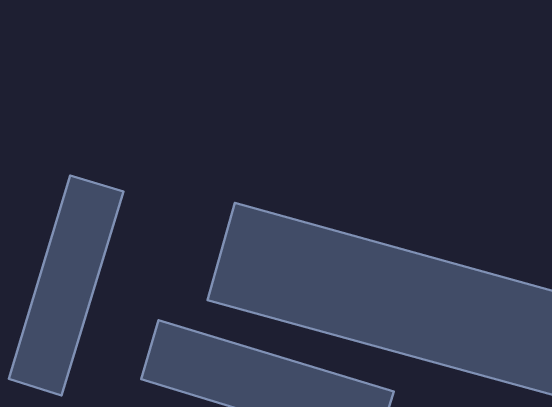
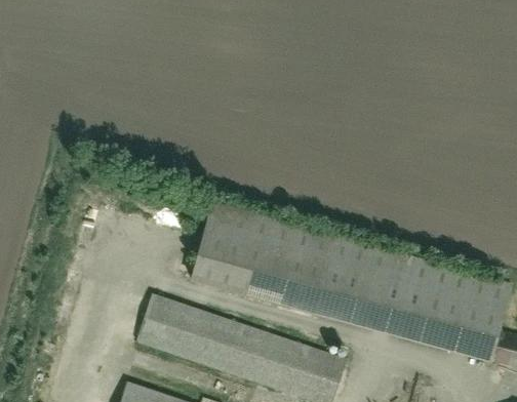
building: [9,176,123,395] -> none

